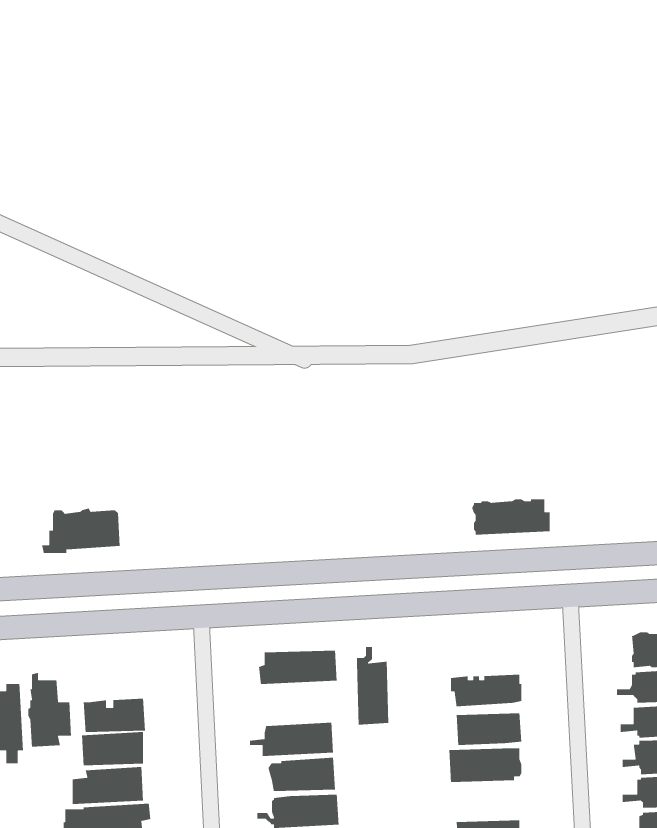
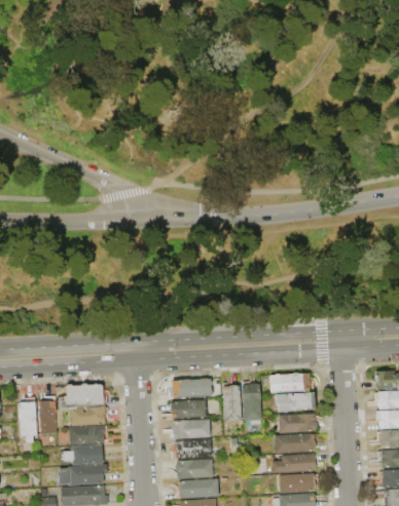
building: [471,498,551,535] -> [268,374,313,394]
building: [41,508,121,554] -> [60,383,104,408]
building: none -> [242,376,261,421]
building: none -> [161,400,207,420]
building: none -> [271,454,324,474]

